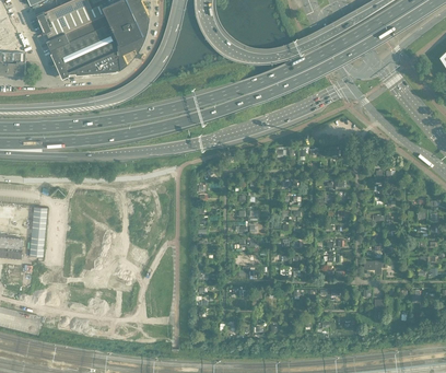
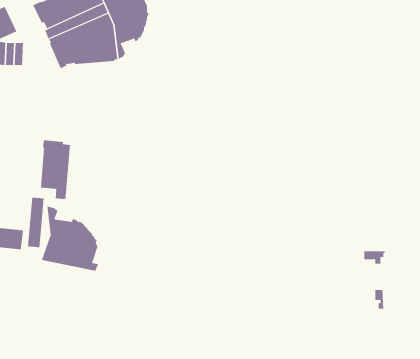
building: none -> [40,140,71,200]
building: none -> [41,205,99,271]

